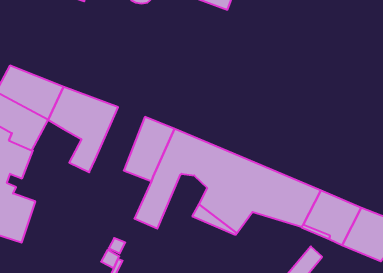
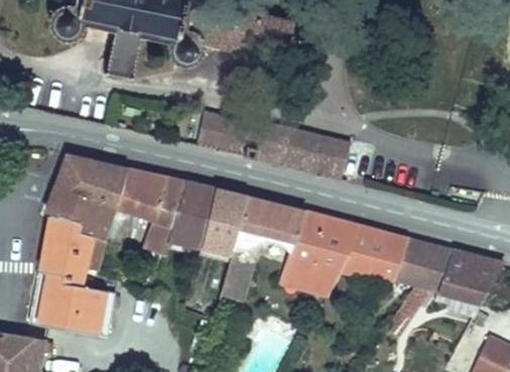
building: none -> [196,110,349,177]
building: none -> [169,181,215,246]

